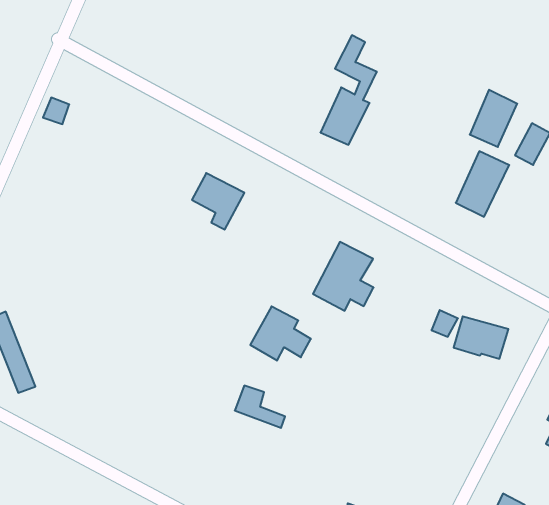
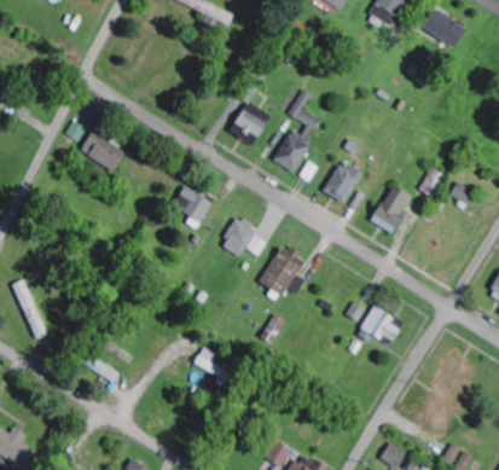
building: none -> [230,101,271,145]
building: [470,90,517,147] -> [324,159,361,203]
building: none -> [80,132,124,169]
building: [250,306,311,361] -> [220,216,266,257]

